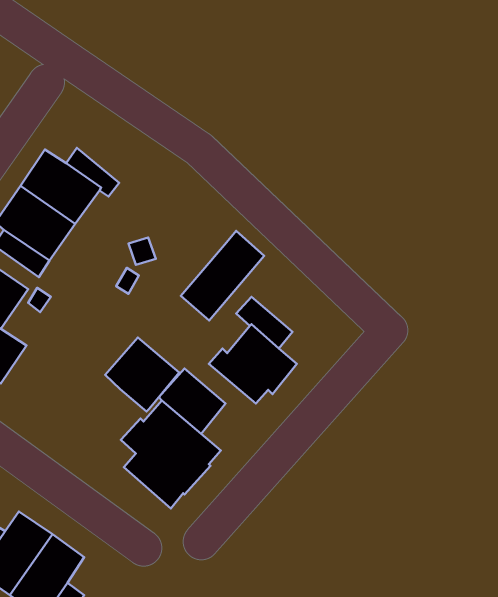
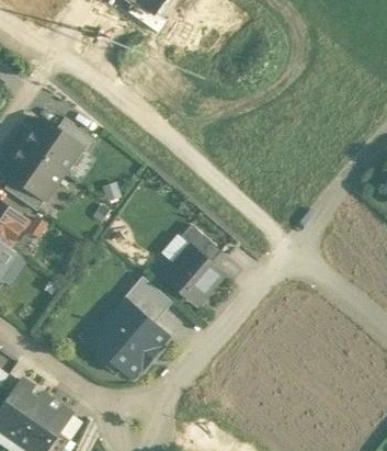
building: [181,231,264,321] -> none
building: [105,338,179,411] -> none

